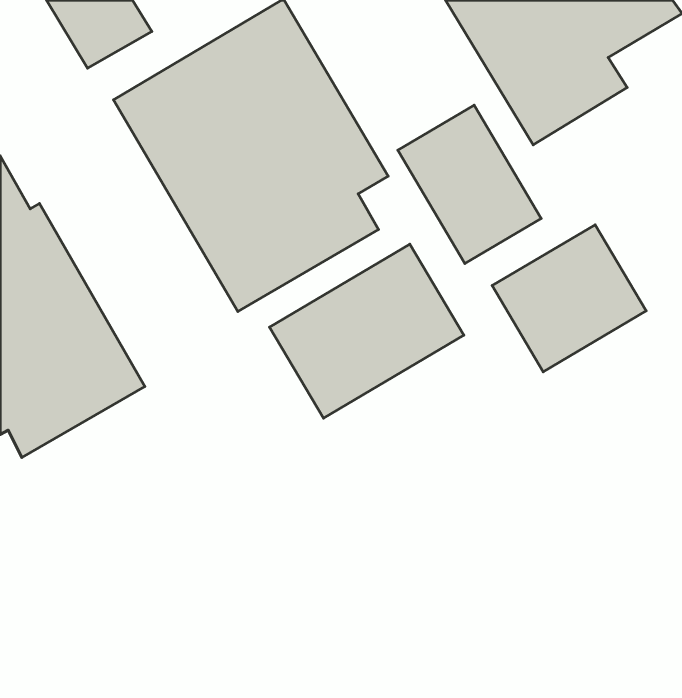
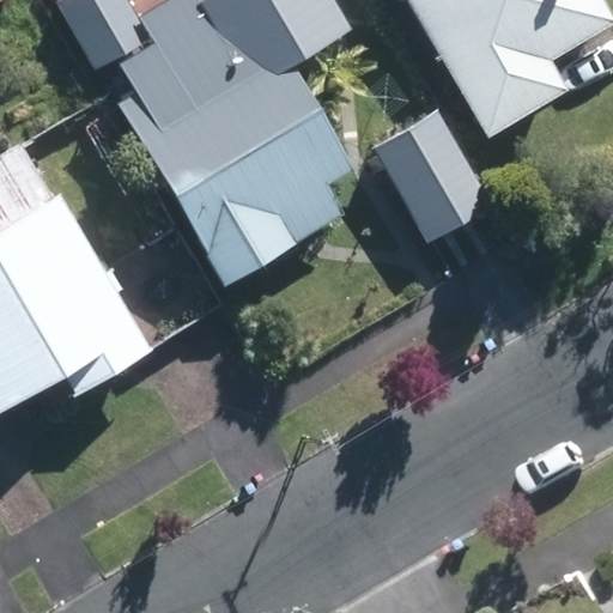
building: [492,225,646,372] -> none
building: [270,244,464,418] -> none

